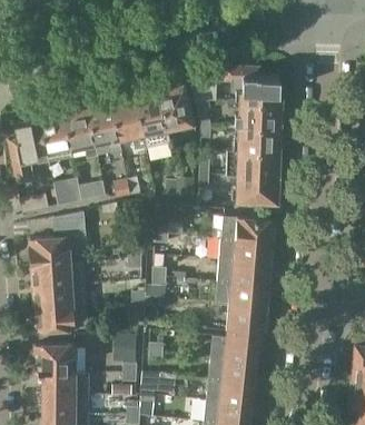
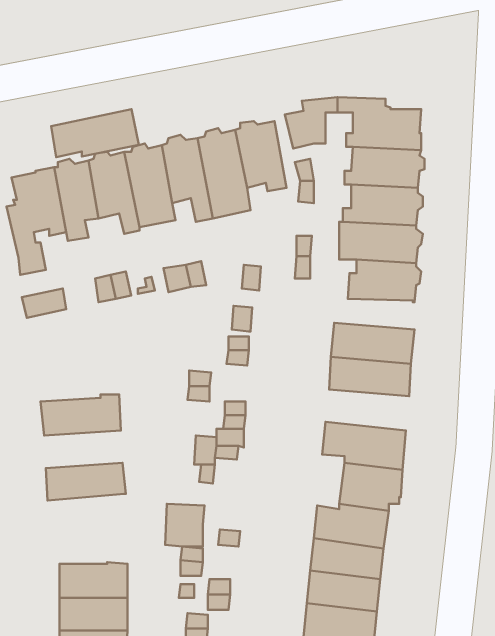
building: none -> [51,109,139,157]
building: [28,212,83,268] -> none
building: [217,260,272,287] -> none
building: [33,287,85,312] -> none
building: [34,346,75,374] -> none

